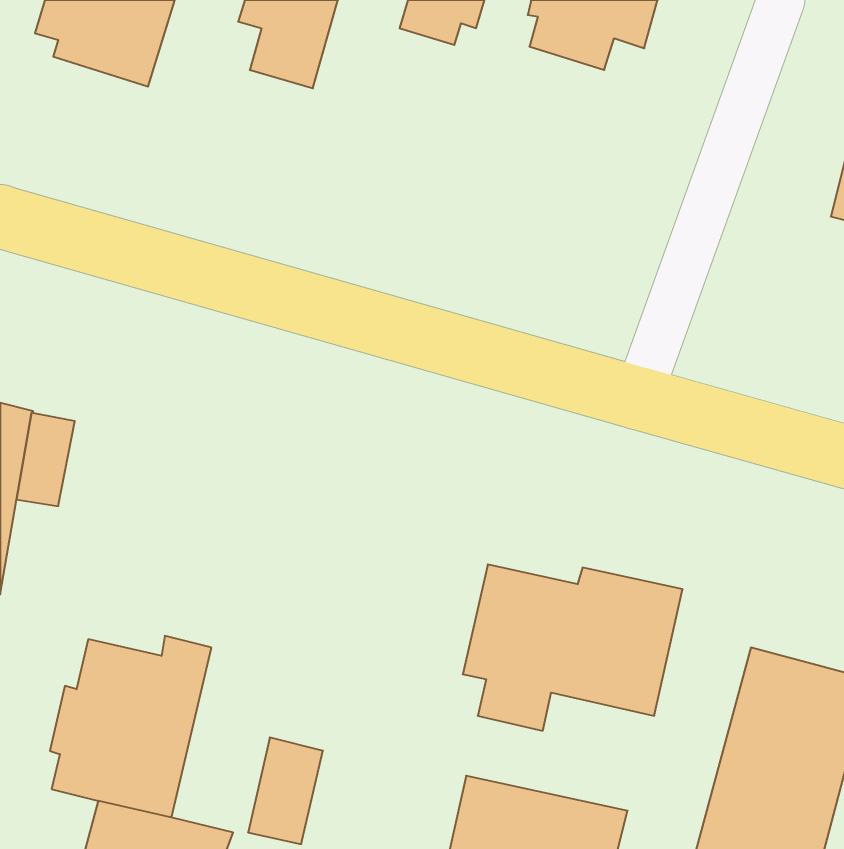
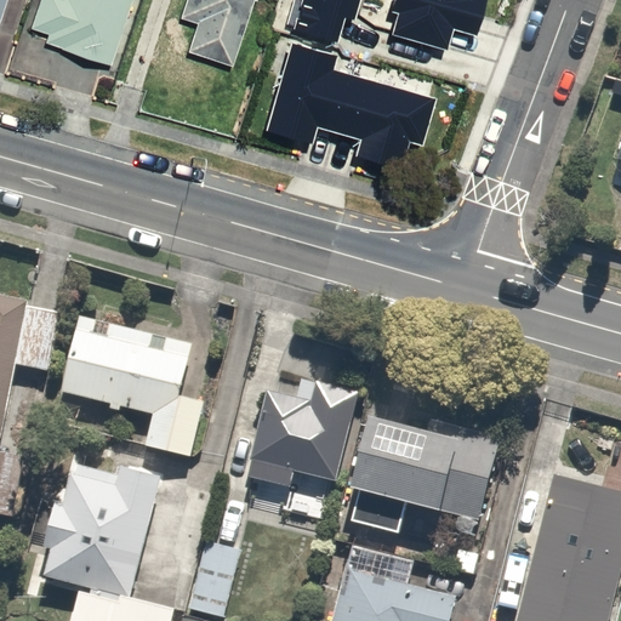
building: none -> [266,41,434,170]
building: none -> [61,314,206,458]
building: none -> [245,383,355,486]

